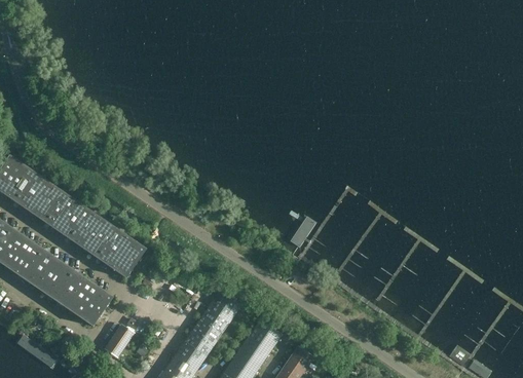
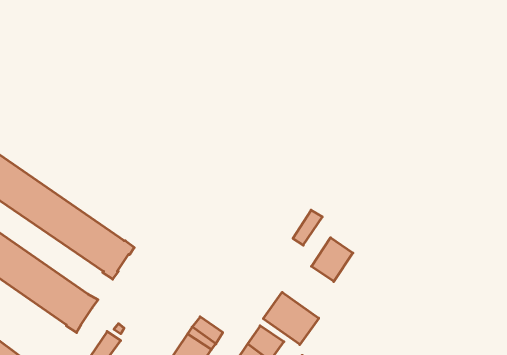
building: none -> [311,238,353,282]
building: none -> [263,292,319,345]
building: [204,293,239,327] -> none

